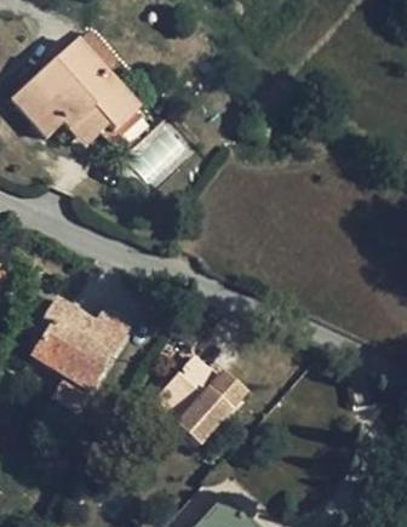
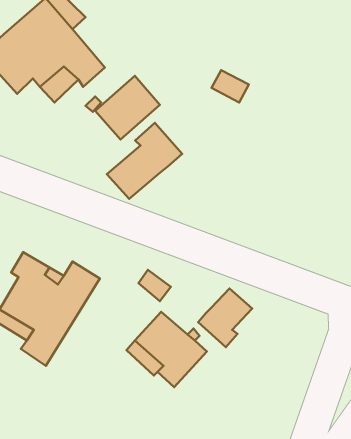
building: none -> [107,123,182,199]
building: none -> [198,288,252,347]

